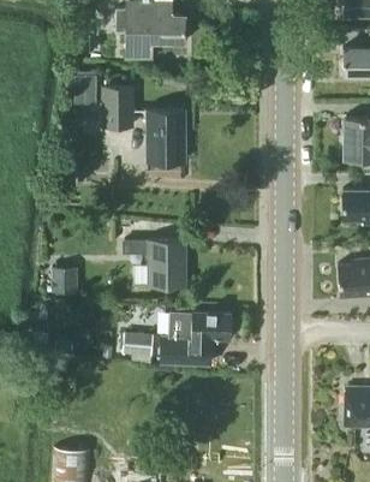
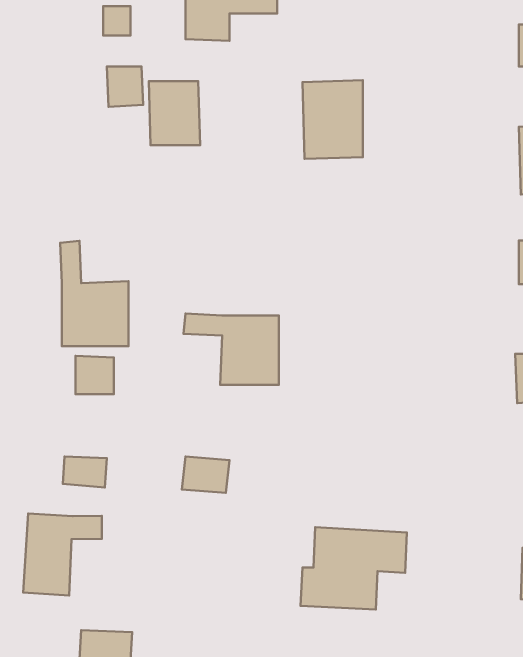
building: [145,109,185,161] -> [303,80,363,159]
building: none -> [60,241,129,346]
building: [161,309,231,363] -> [301,527,407,609]
building: none -> [23,513,102,595]

